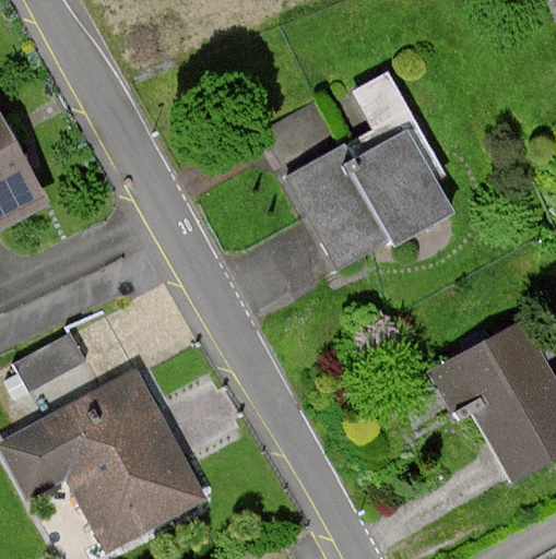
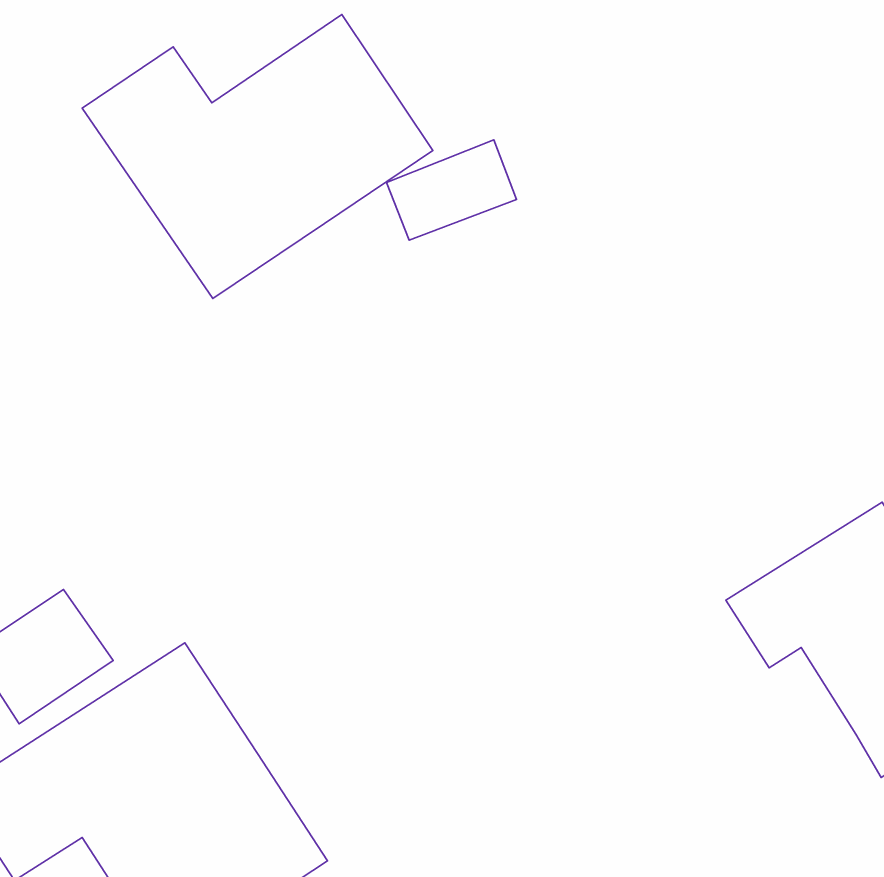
building: none -> [82,14,433,299]
building: [284,135,448,271] -> none

